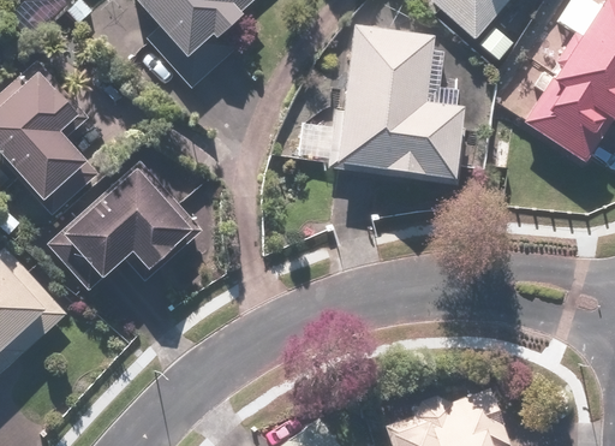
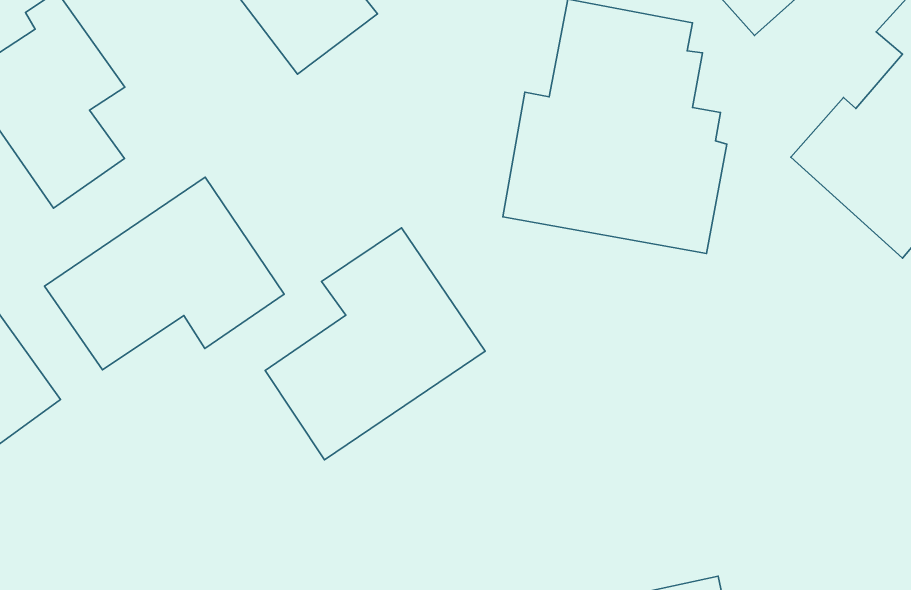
building: none -> [265,228,485,460]

